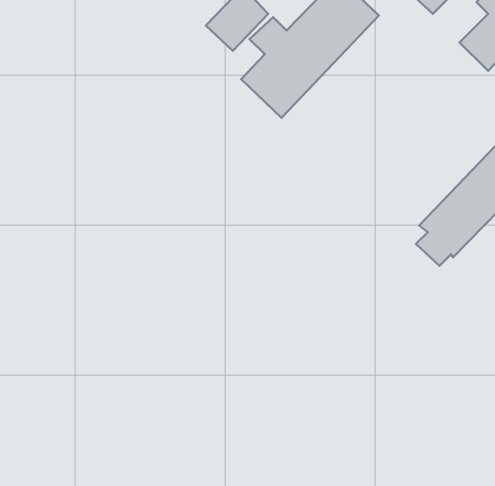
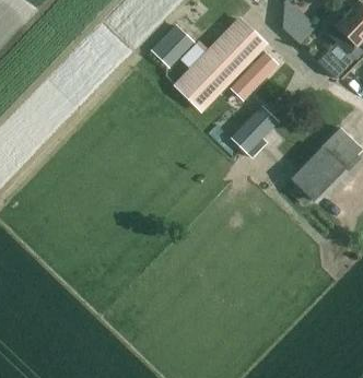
building: none -> [230,50,278,99]
building: none -> [231,105,278,153]

